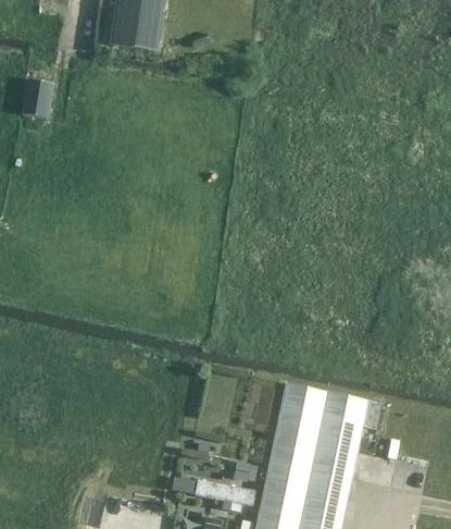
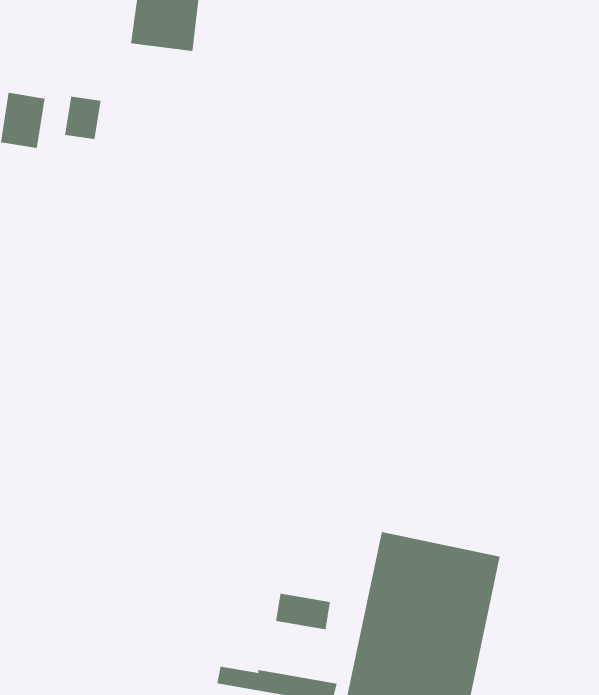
building: none -> [65,96,101,140]
building: none -> [276,593,330,630]

